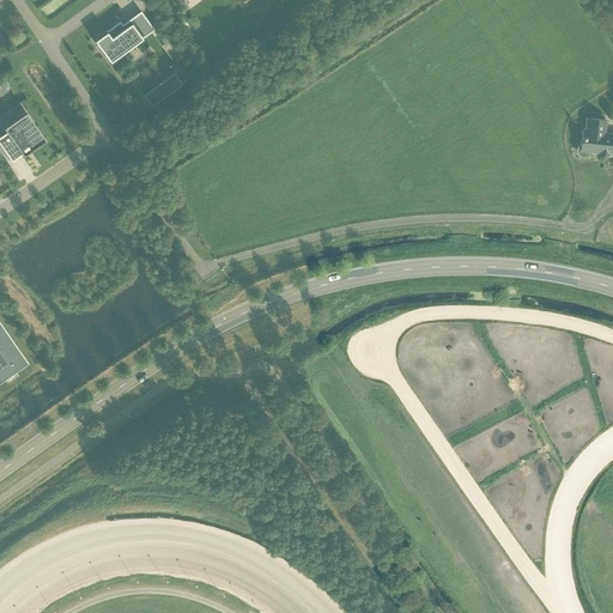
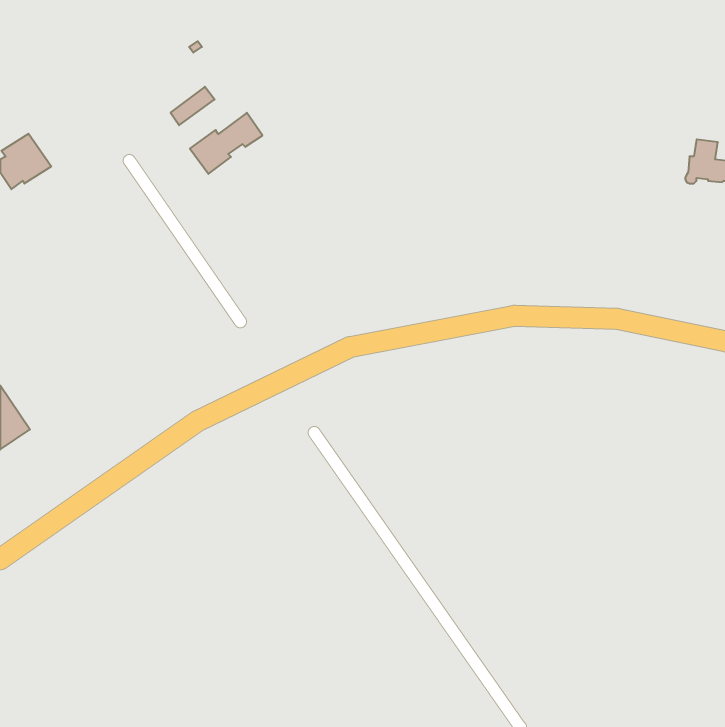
building: [93,11,154,62] -> [190,113,262,174]

